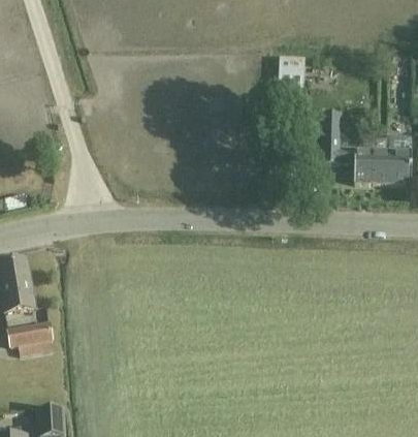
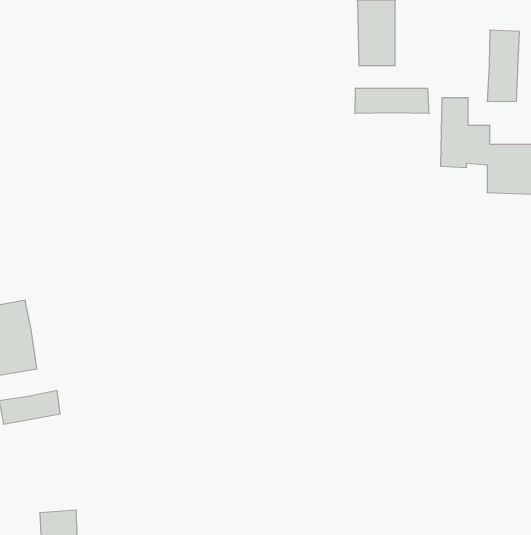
building: none -> [487,30,519,102]
building: none -> [355,88,429,114]

